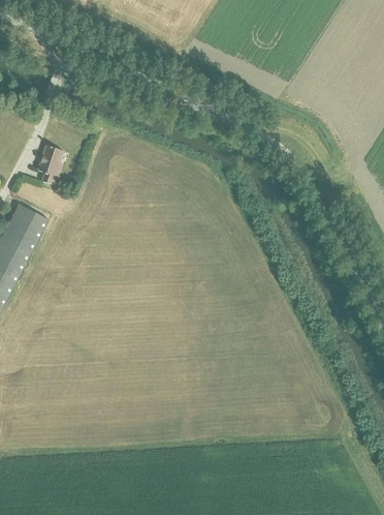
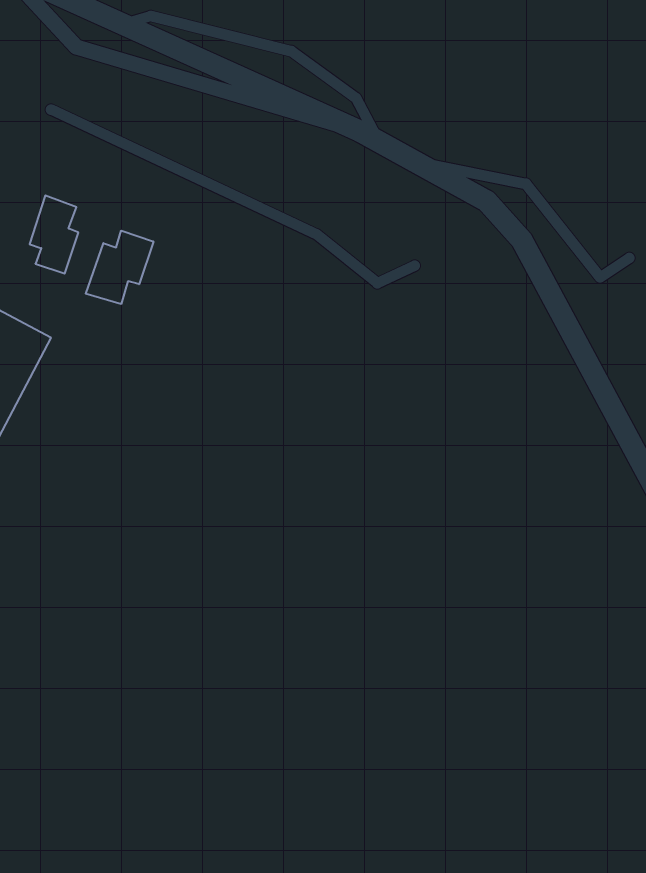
building: none -> [86,231,153,304]

